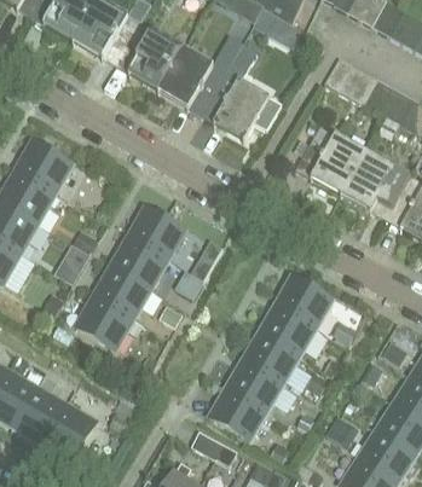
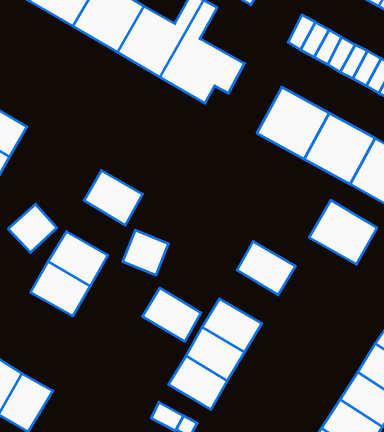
building: none -> [309,200,377,264]
building: [110,236,167,289] -> none
building: [259,303,316,355] -> [142,288,201,341]

